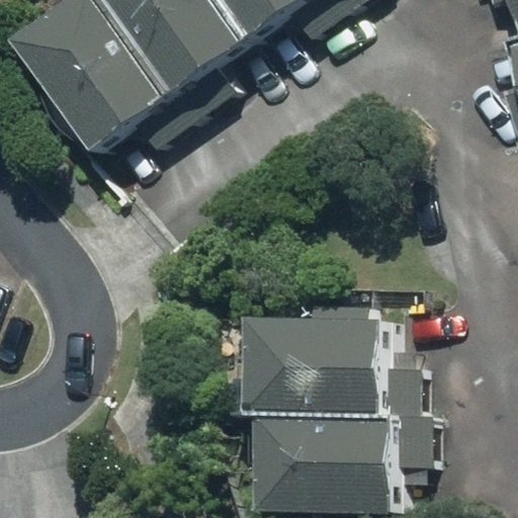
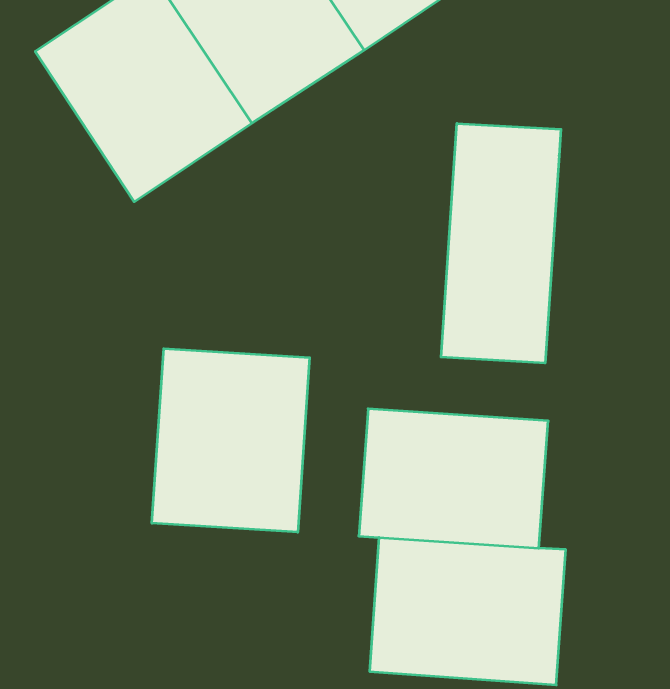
building: none -> [441,123,561,363]
building: none -> [152,349,310,532]

